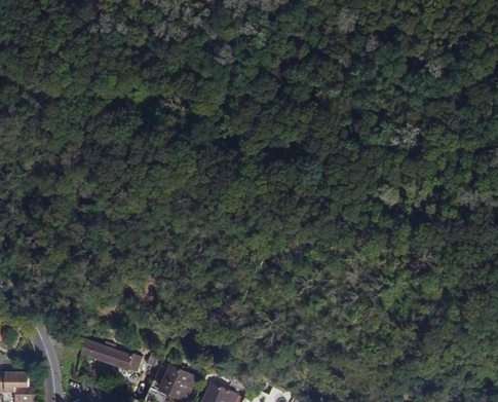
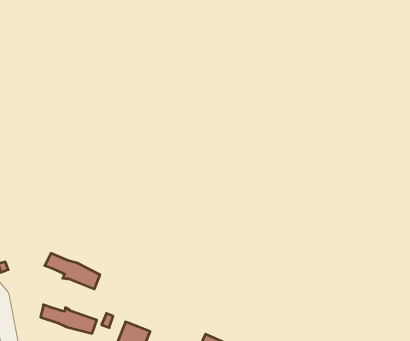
building: none -> [45,253,100,289]

